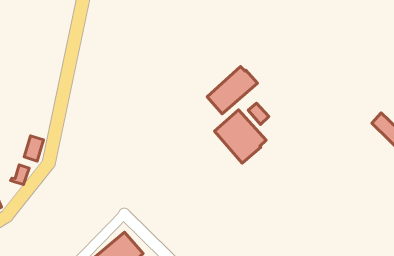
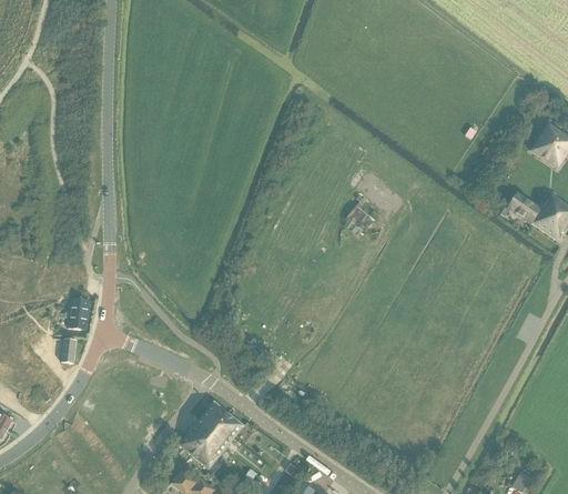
building: [207,66,257,114] -> none
building: [214,110,266,163] -> none

